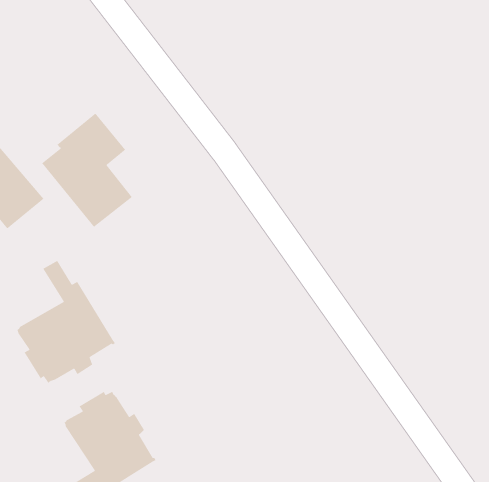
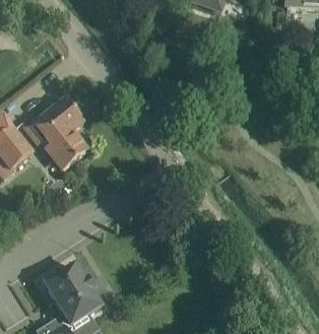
building: [15,260,116,384] -> none

